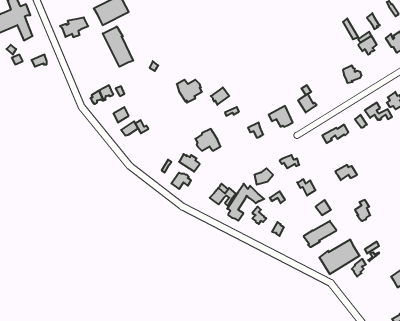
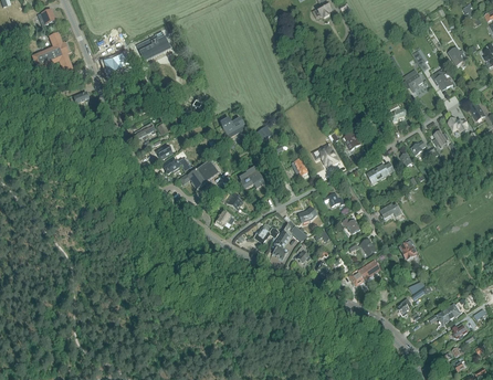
building: [103,26,133,67] -> none
building: none -> [180,160,219,189]
building: [319,239,360,274] -> none

